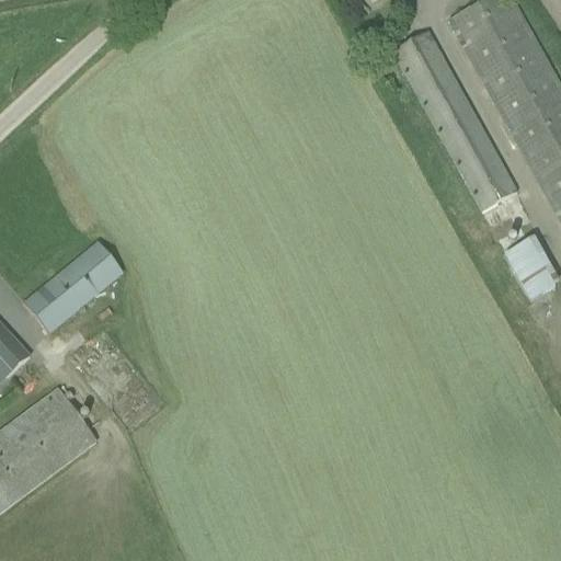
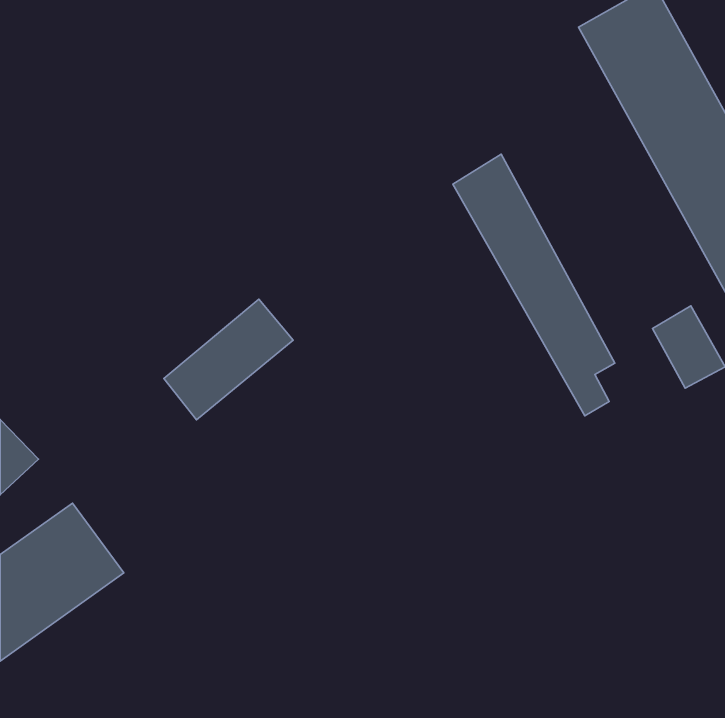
building: [392,31,517,232] -> [453,154,615,416]
building: [24,239,124,332] -> [164,299,293,420]

